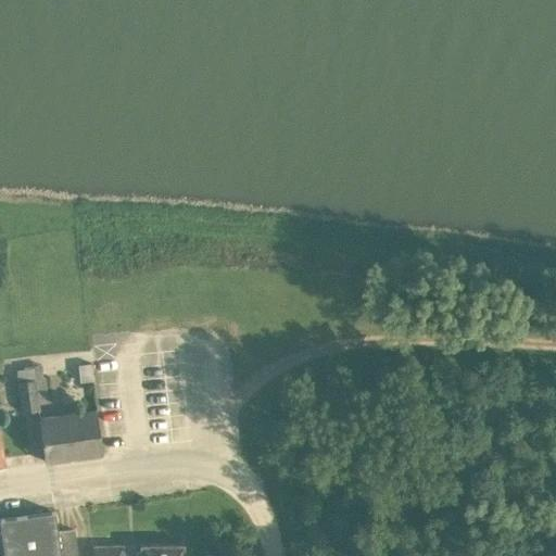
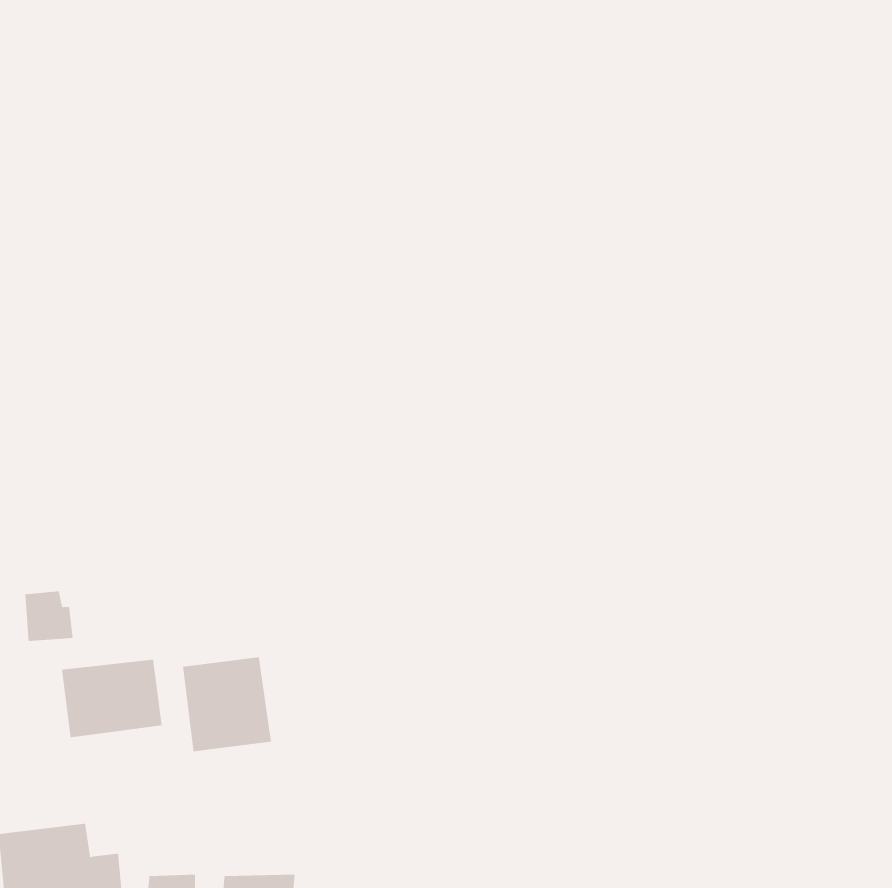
building: none -> [183,657,272,752]

